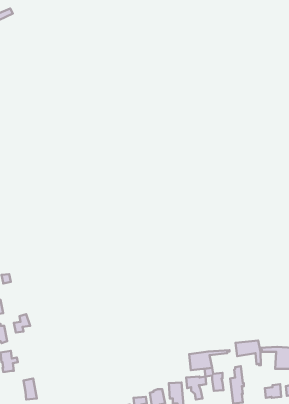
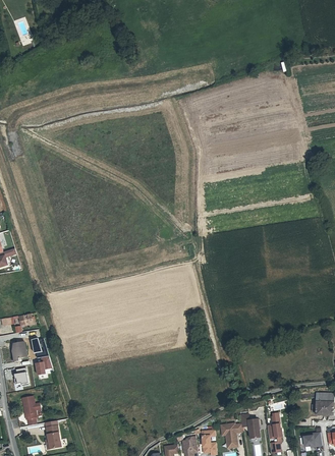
building: [236,340,261,365] -> none
building: [189,350,230,370] -> none

